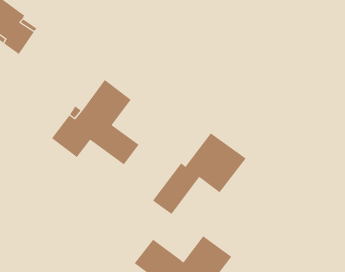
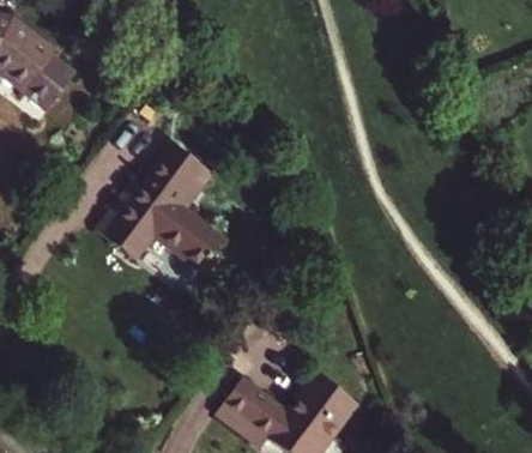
building: [152,133,246,215] -> none

